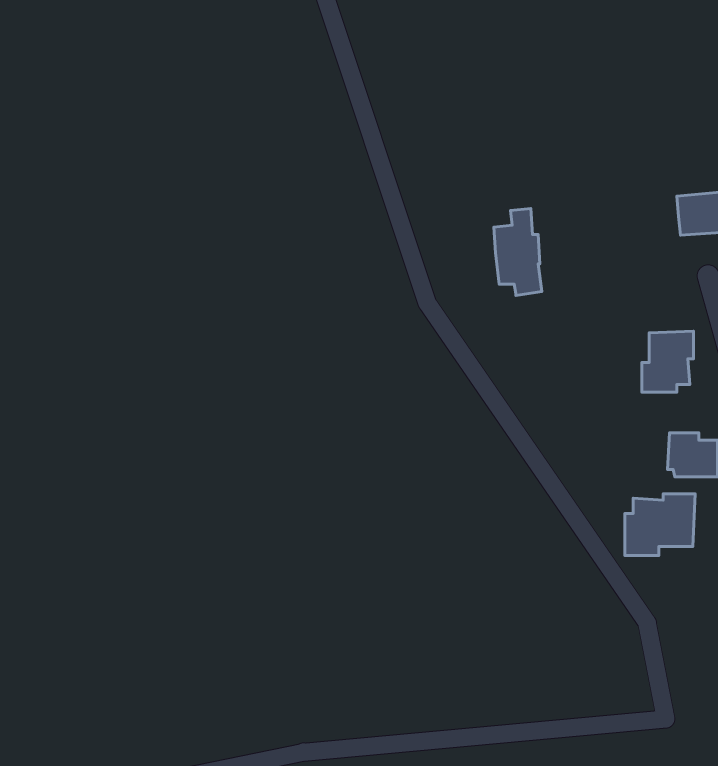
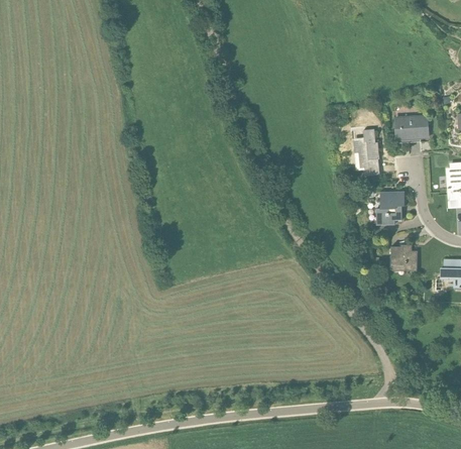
building: [494,209,542,295] -> [353,128,379,176]
building: [625,494,695,555] -> none

